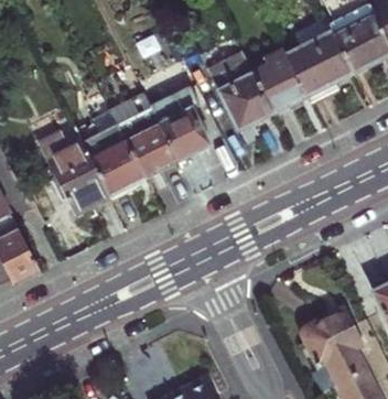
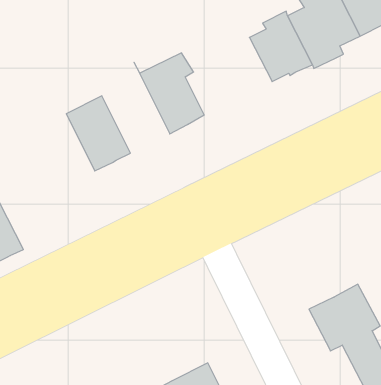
building: [201,55,267,132] -> none
building: [103,99,172,183] -> none
building: [33,138,103,217] -> none

